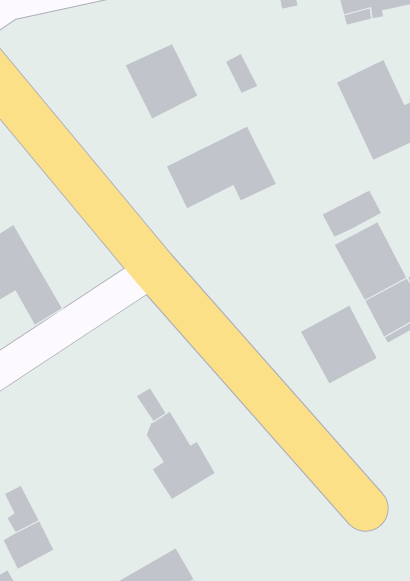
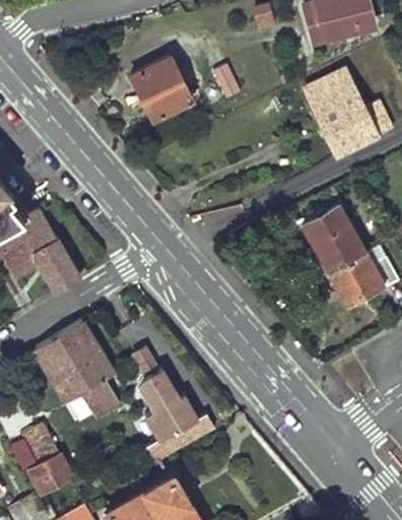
building: [166,126,277,209] -> none
building: [322,190,382,237] -> none
building: [300,305,378,384] -> none
building: none -> [31,322,115,415]

